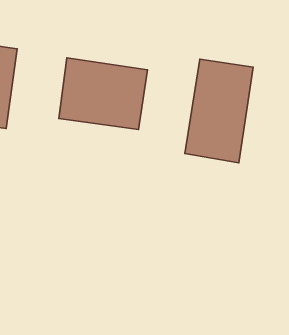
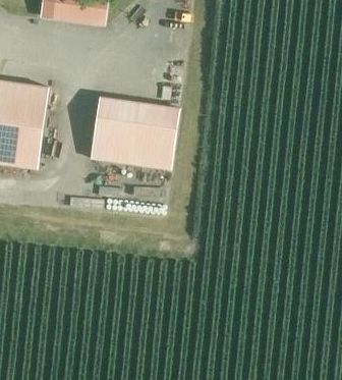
building: [185,59,253,163] -> none

